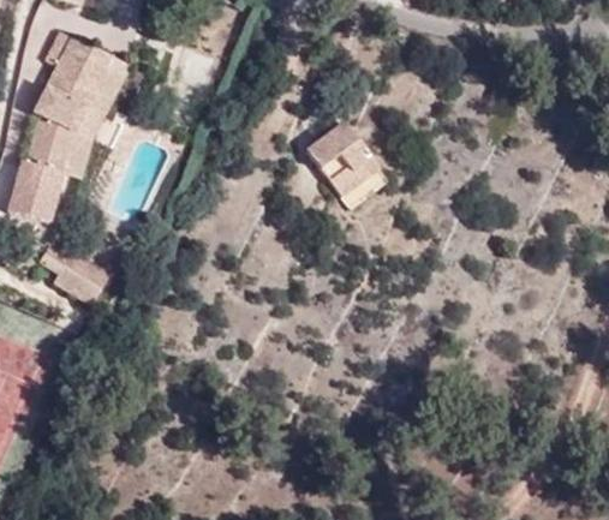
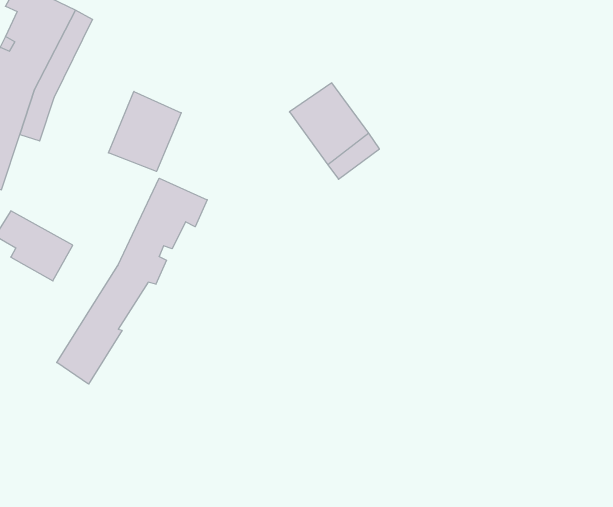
building: none -> [108,91,181,171]
building: none -> [57,178,207,384]

